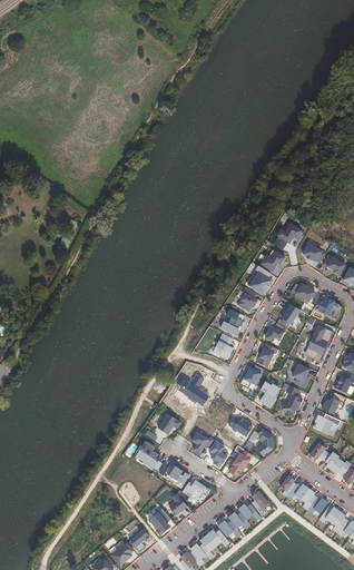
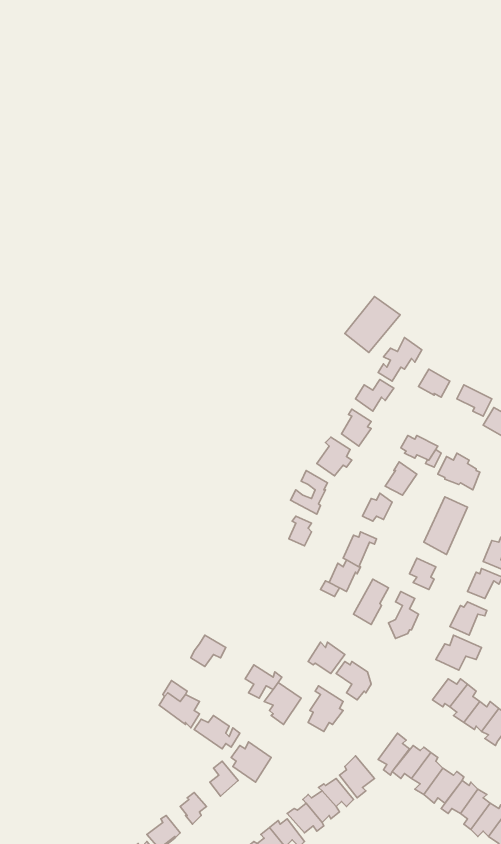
building: none -> [345,296,400,353]
building: [177,373,208,405] -> none

